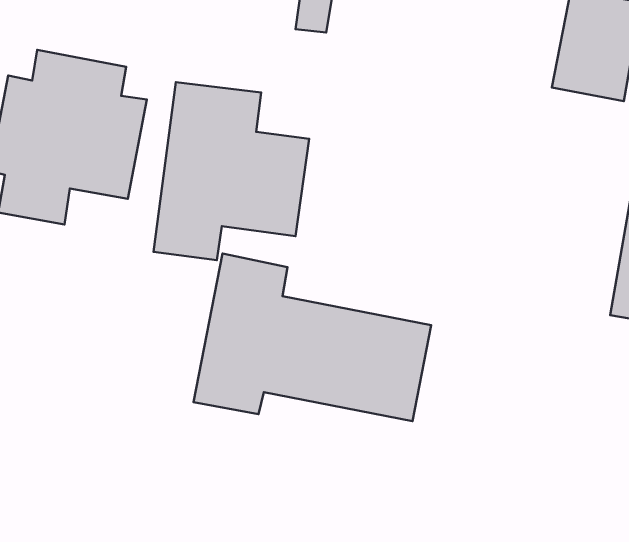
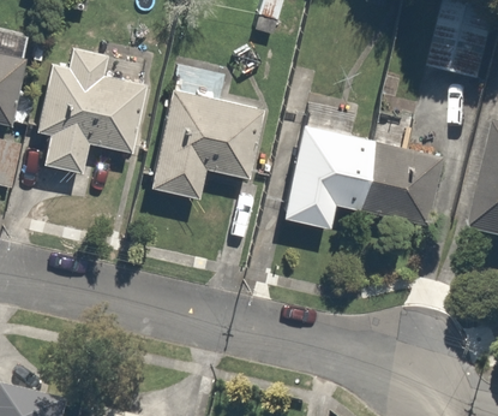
building: [194,253,431,421] -> [281,109,448,227]

